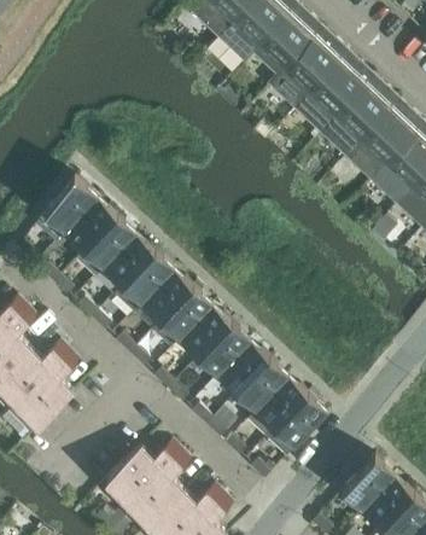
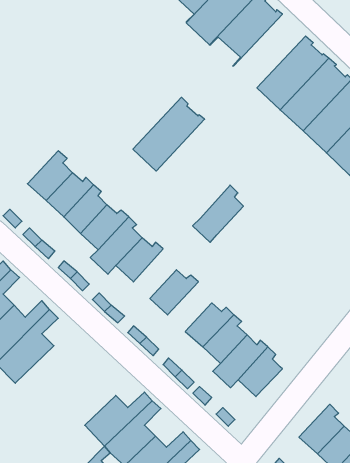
building: [270,29,349,110] -> [133,97,205,171]
building: [152,286,208,349] -> [193,185,243,242]
building: [198,322,246,377] -> none

